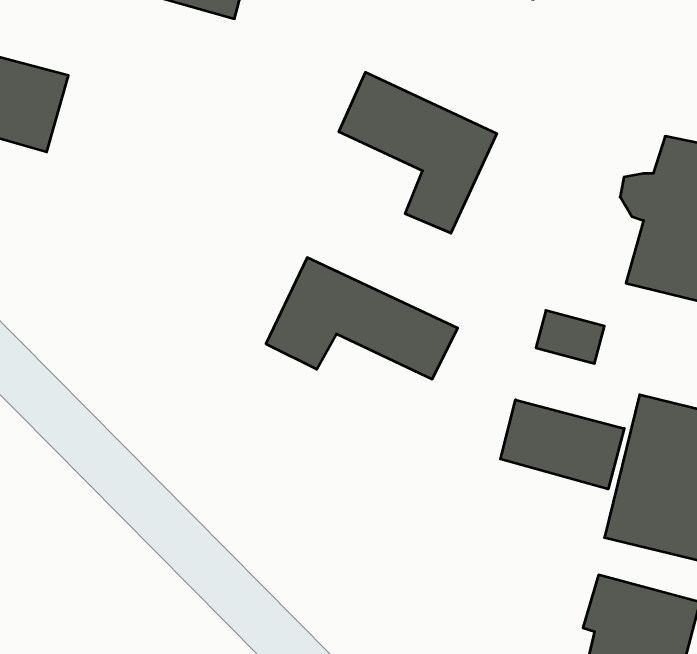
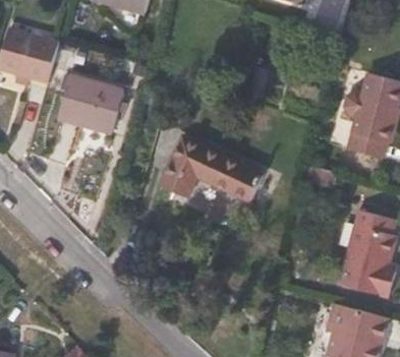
building: [339,72,497,233] -> none
building: none -> [58,75,123,133]
building: [500,400,624,489] -> none

